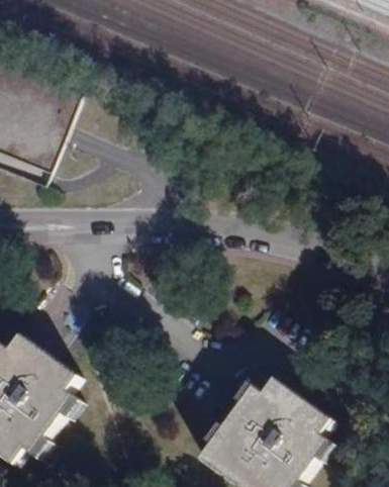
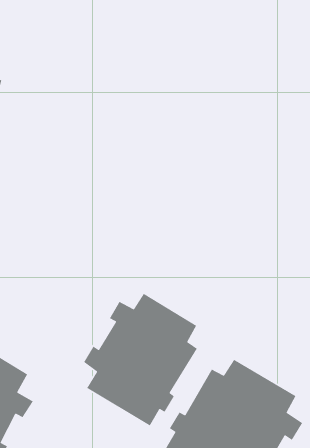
building: none -> [83,293,198,427]

